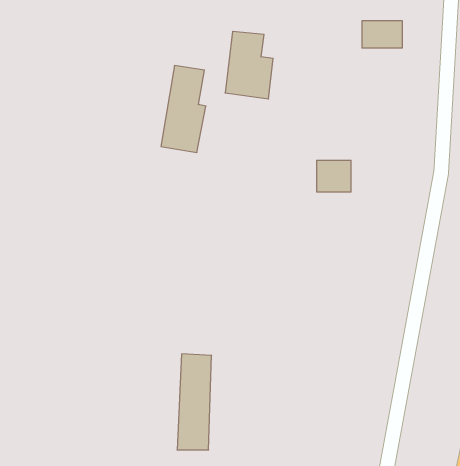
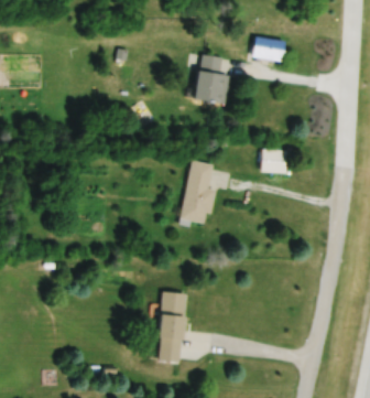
building: [362,21,402,48] -> [254,39,284,58]
building: [161,66,206,152] -> [181,160,214,224]

